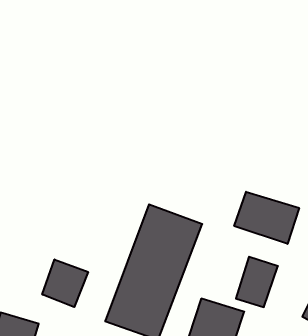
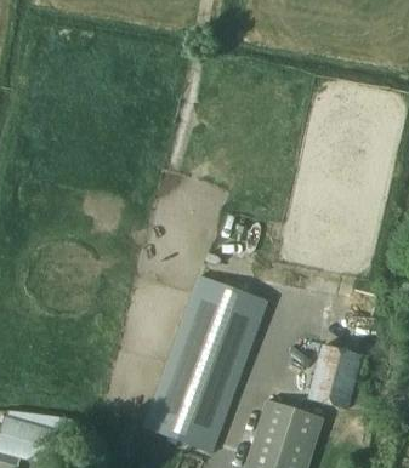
building: [234,192,299,244] -> none
building: [42,259,88,307] -> none

